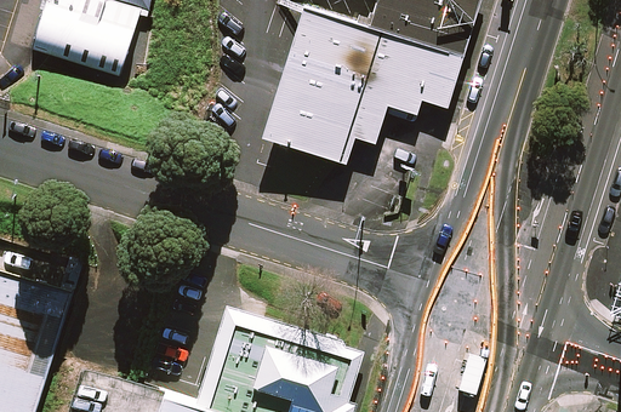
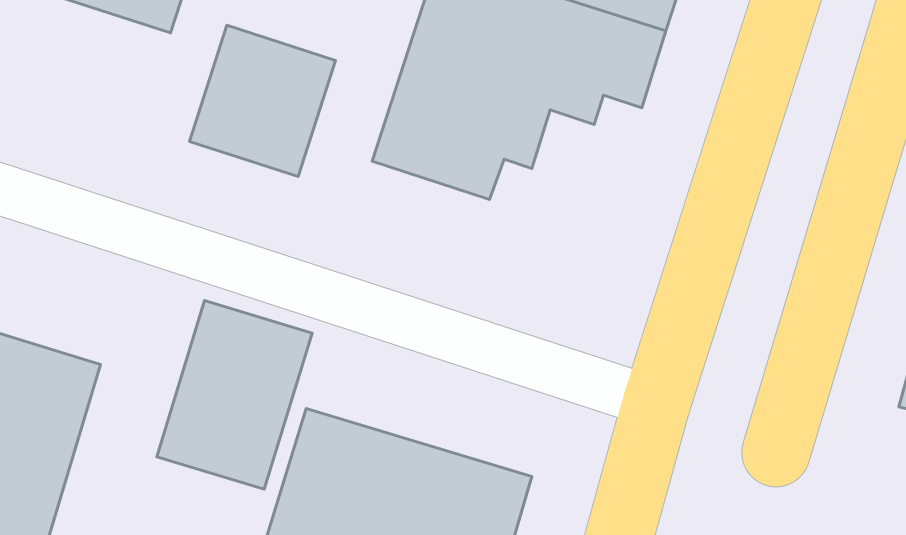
building: none -> [189,25,335,177]
building: none -> [157,300,312,489]

